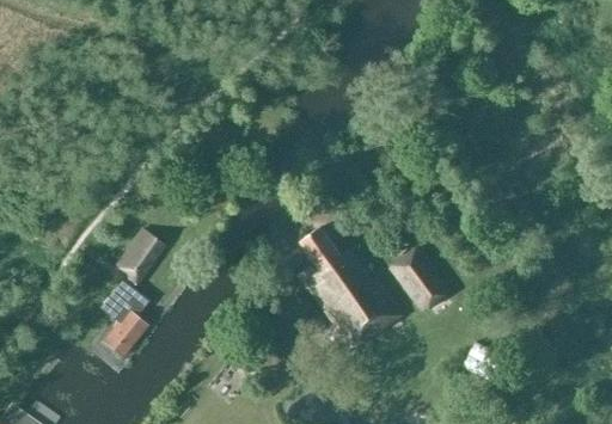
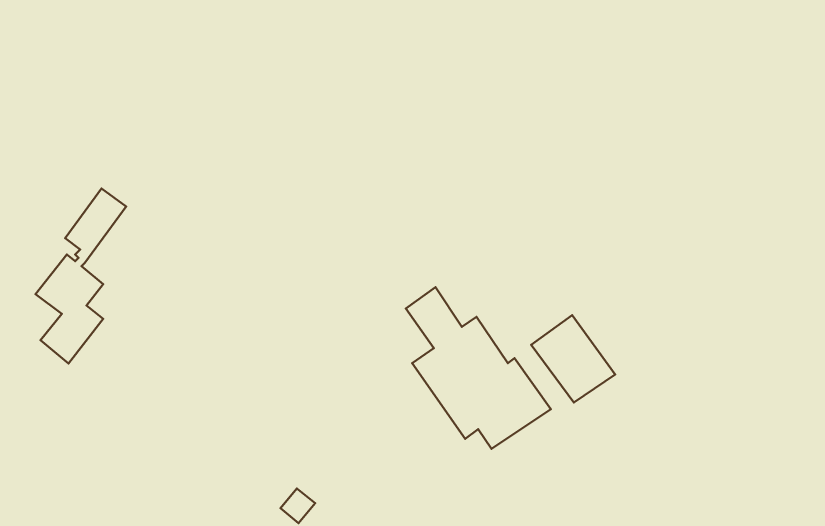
building: [98,229,164,356] -> [36,189,126,363]

